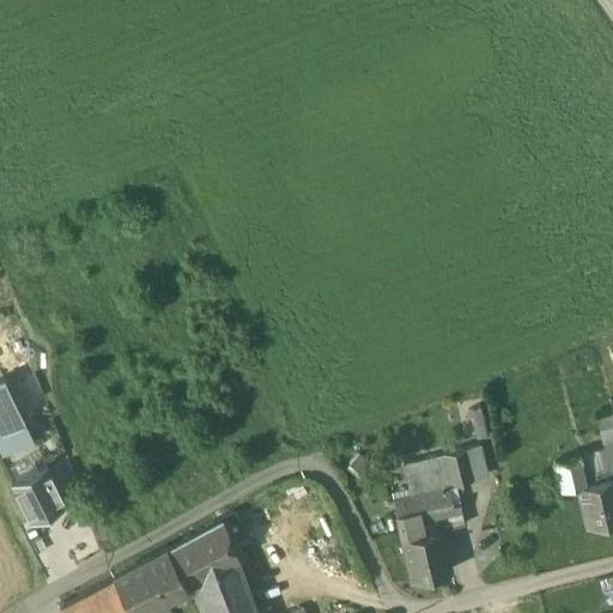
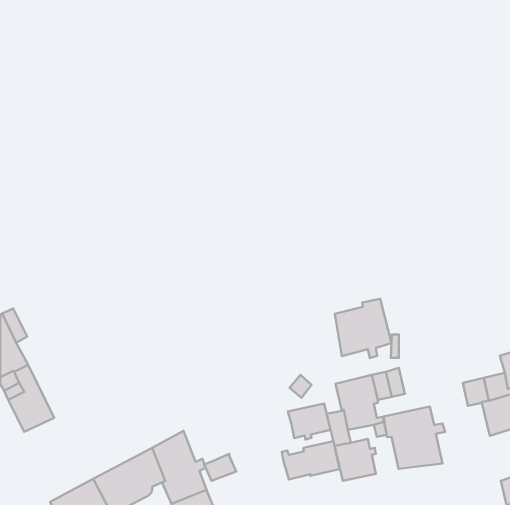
building: none -> [335,299,391,358]
building: none -> [288,403,330,440]
building: none -> [383,407,445,469]
building: none -> [282,441,339,480]
building: none -> [204,454,236,481]

